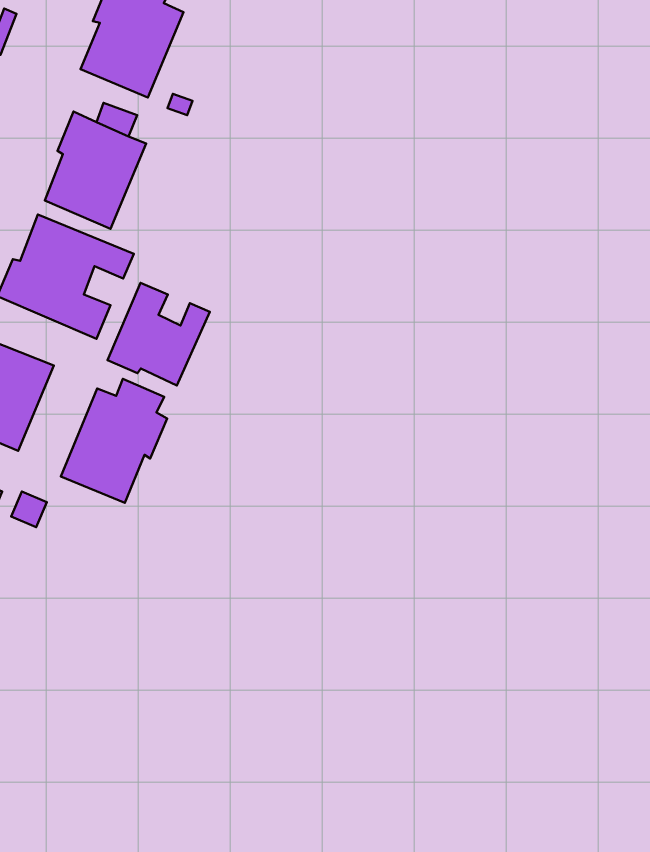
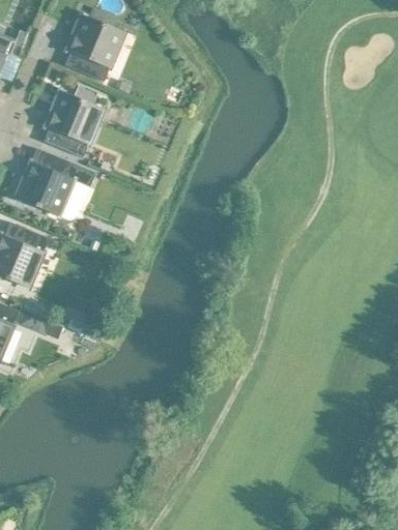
building: [107,283,210,385] -> none
building: [61,379,167,503] -> none

